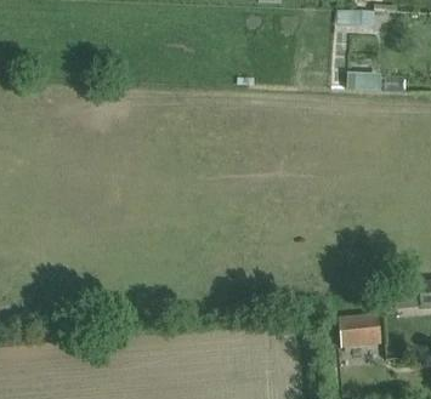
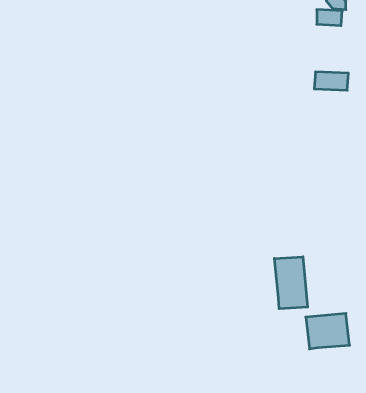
building: none -> [274,257,308,309]

